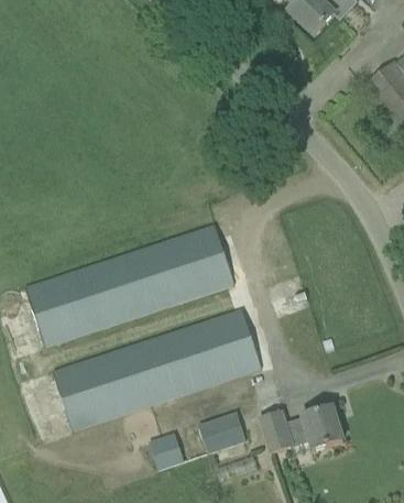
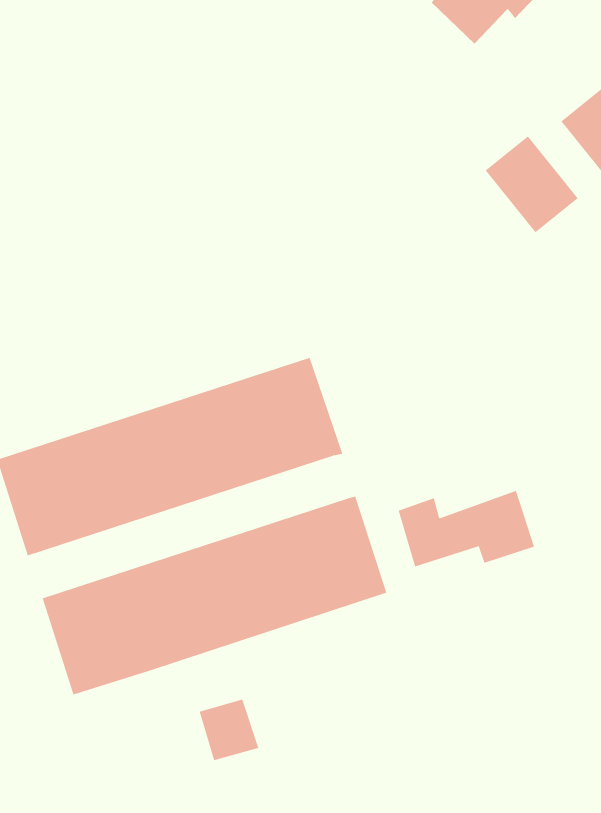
building: none -> [485,136,579,233]
building: [261,407,343,453] -> [398,490,535,567]
building: [199,413,248,455] -> none

